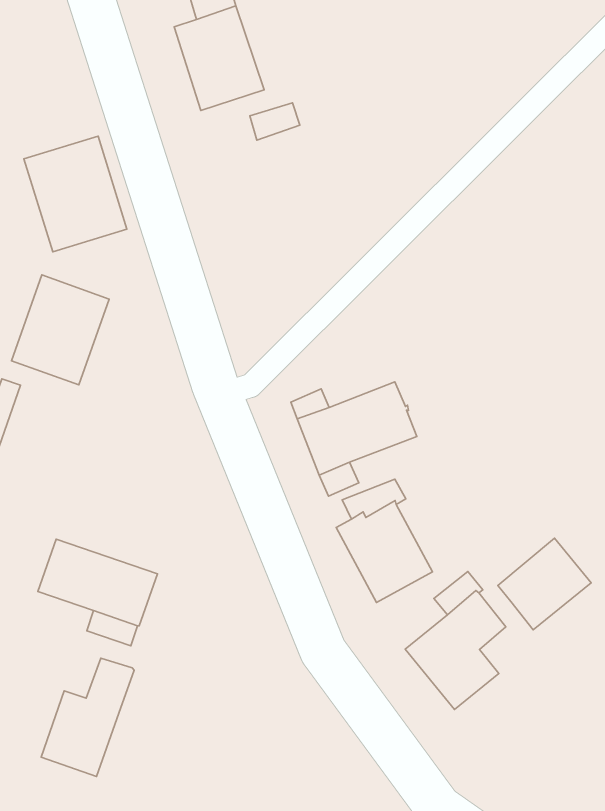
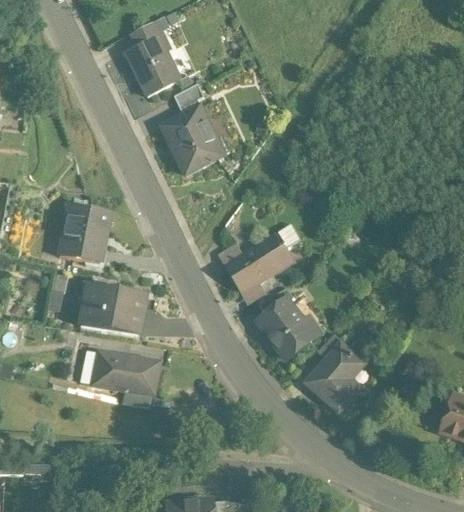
building: [24,136,127,252] -> [160,105,224,174]
building: none -> [82,283,144,332]
building: [498,538,591,630] -> none
building: [41,658,134,776] -> none

